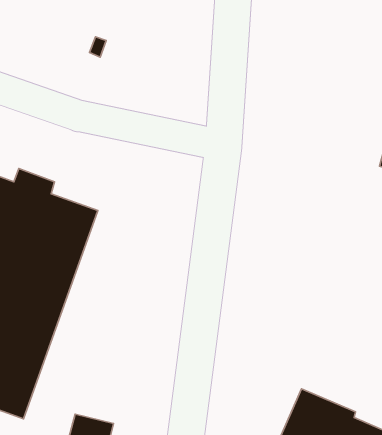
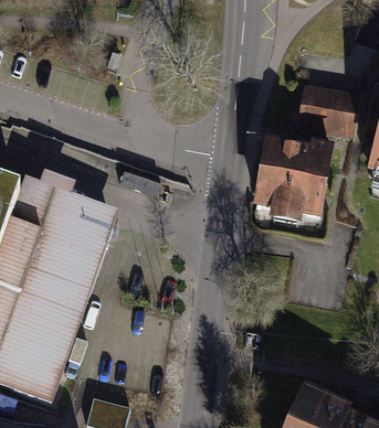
building: none -> [297,88,359,140]
building: none -> [255,148,336,234]

